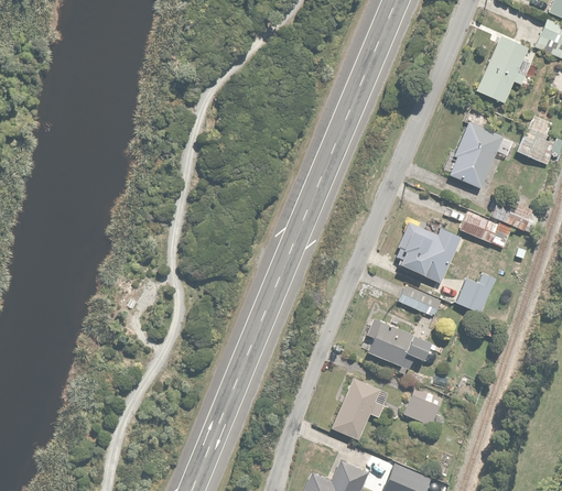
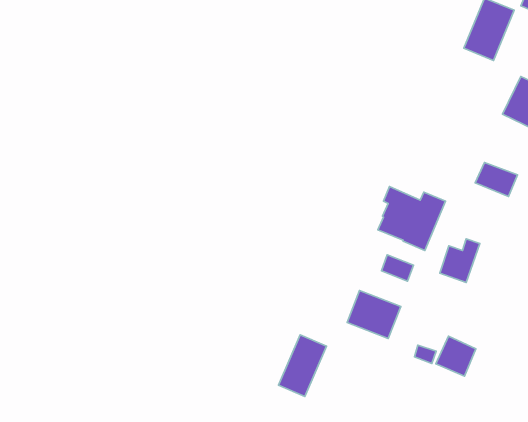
building: [452,126,501,186] -> none
building: [461,214,498,243] -> none
building: [334,378,380,437] -> [279,335,327,396]
building: [403,389,442,427] -> [436,336,476,376]

